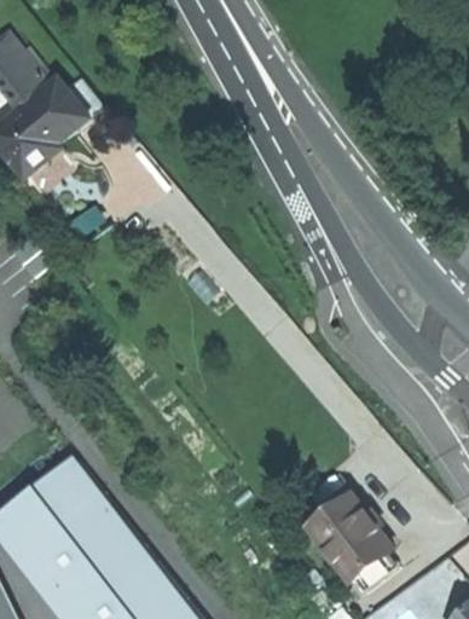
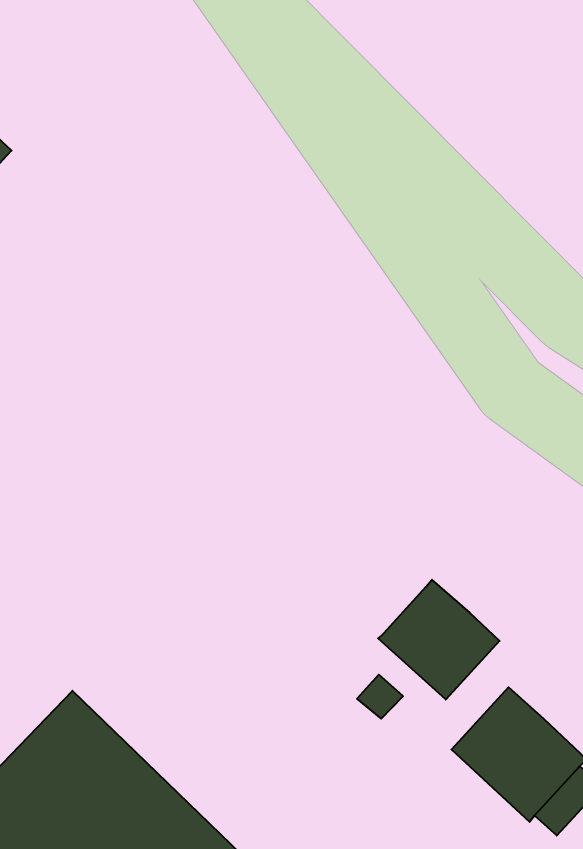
building: none -> [378,580,500,700]

